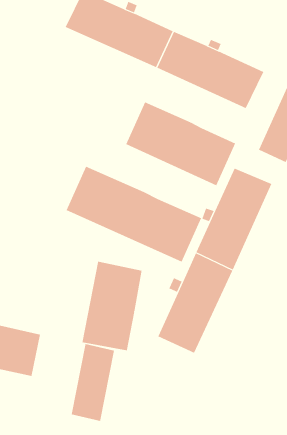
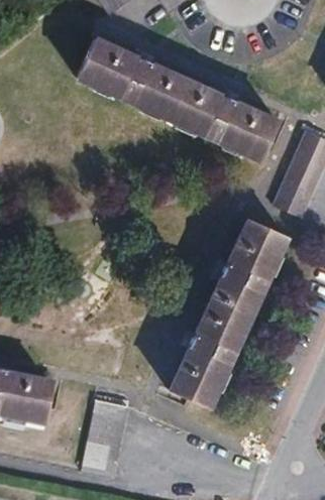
building: [125,102,236,186] -> none
building: [66,166,202,263] -> none
building: [82,261,142,351] -> none

